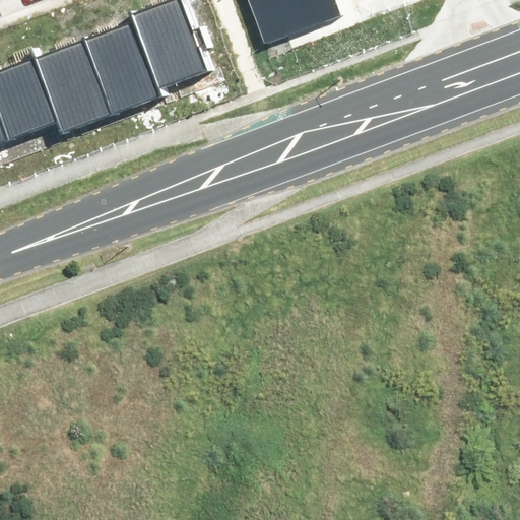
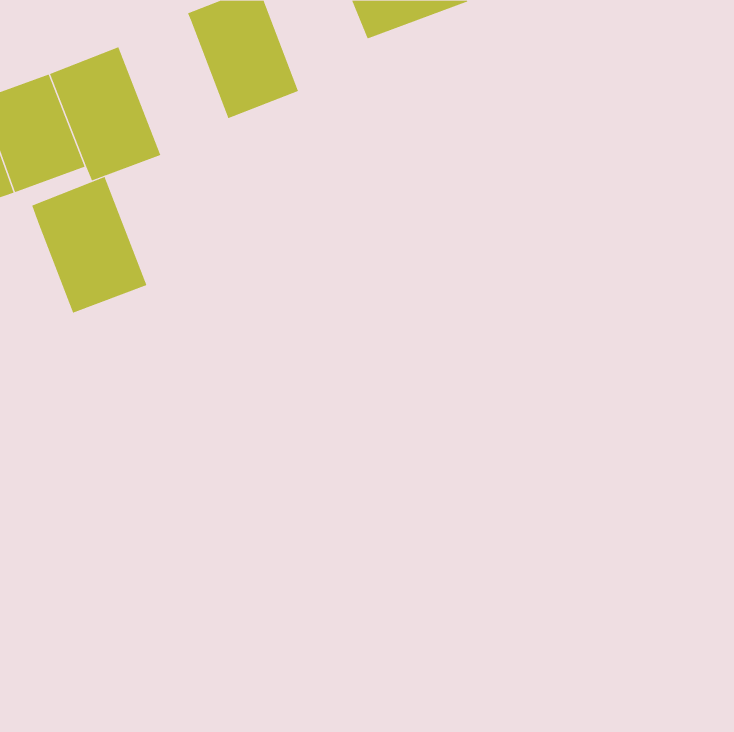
building: [83,20,161,115] -> none
building: none -> [31,176,147,313]

